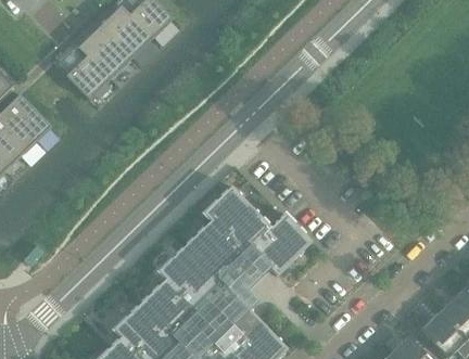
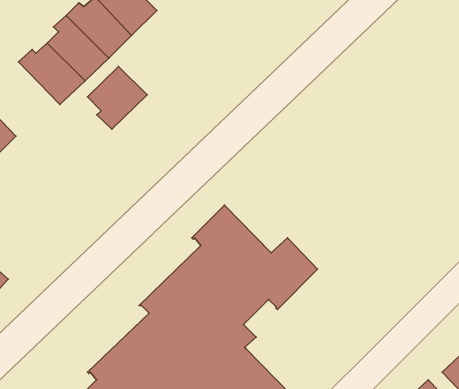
building: none -> [87,66,147,129]

